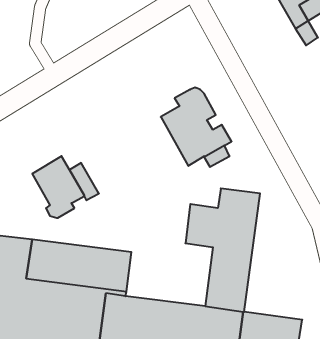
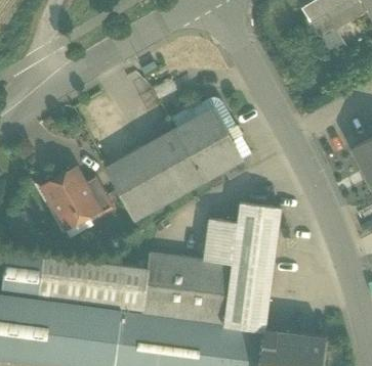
building: none -> [105,128,206,220]
building: none -> [140,253,232,325]

